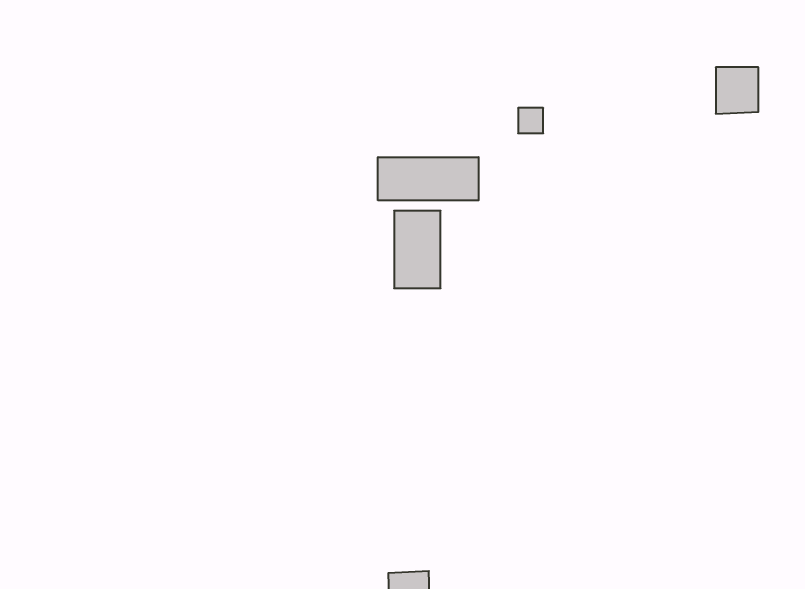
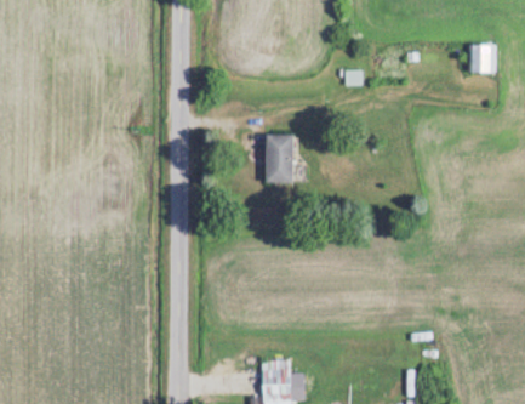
building: [378,157,479,200] -> none

